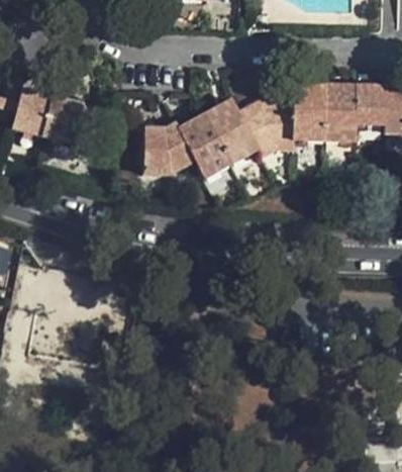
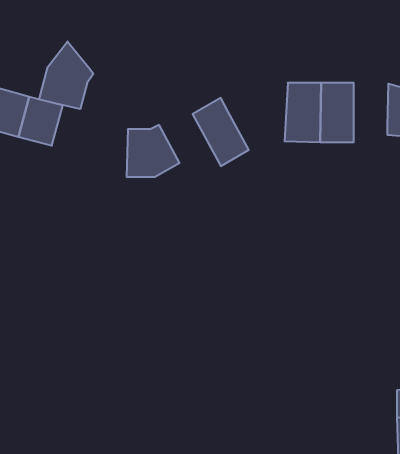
building: none -> [39,41,93,109]
building: [358,85,390,125] -> none
building: [240,101,295,156] -> none
building: [179,114,233,178] -> none

